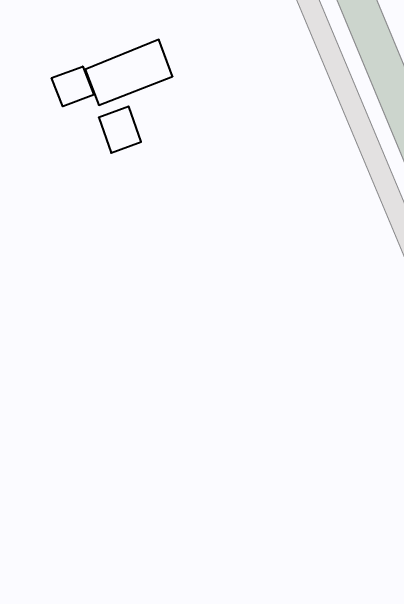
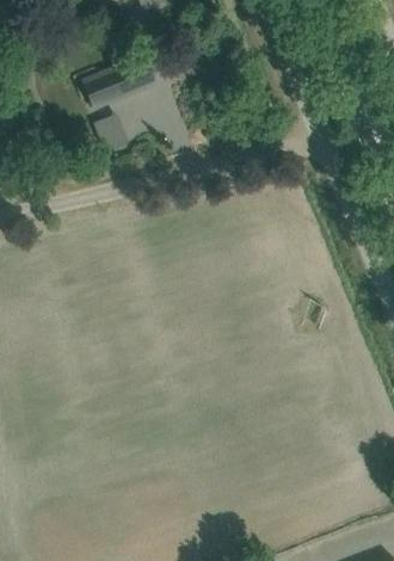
building: [52,66,94,106] -> none

